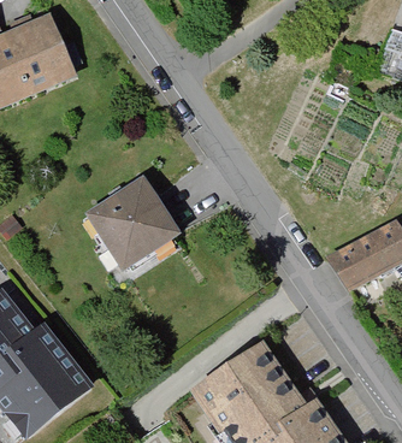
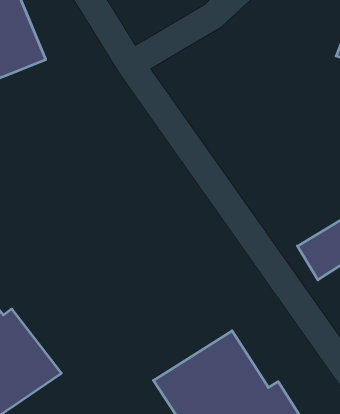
building: [87,178,184,276] -> none

